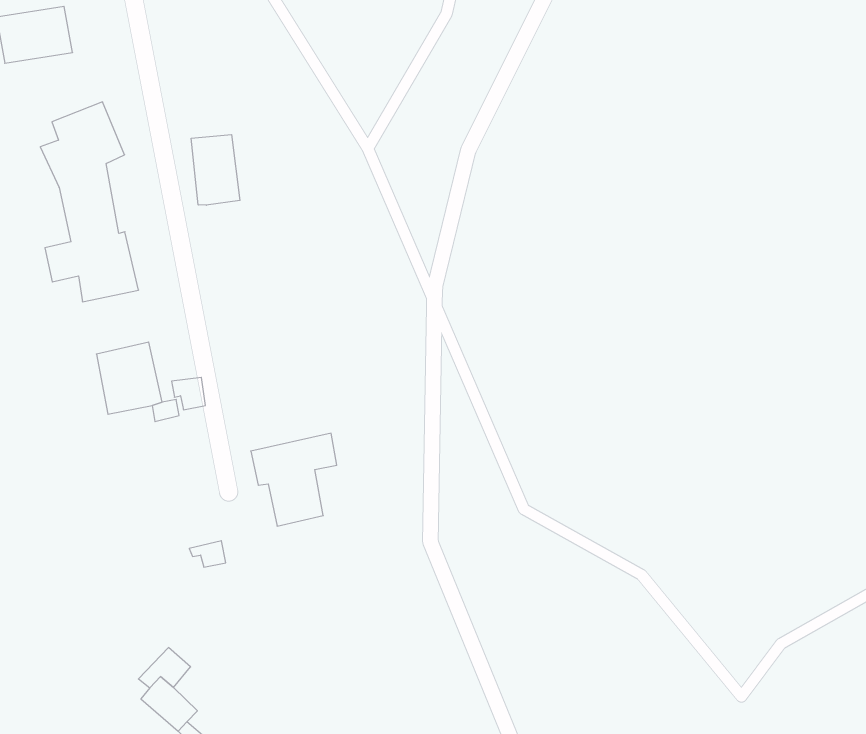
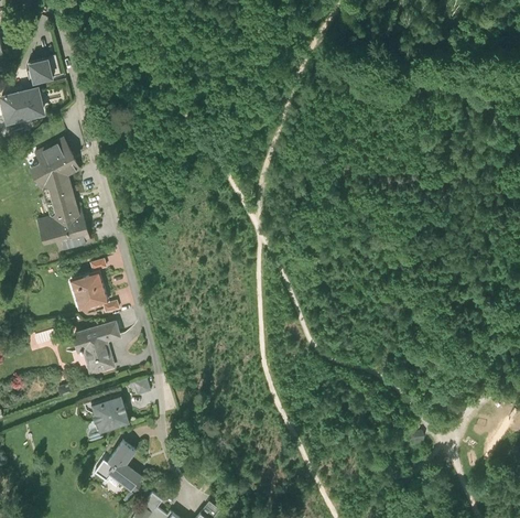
building: [191,135,240,205] -> none
building: [251,433,337,526] -> [71,322,119,376]
building: none -> [90,396,128,431]

